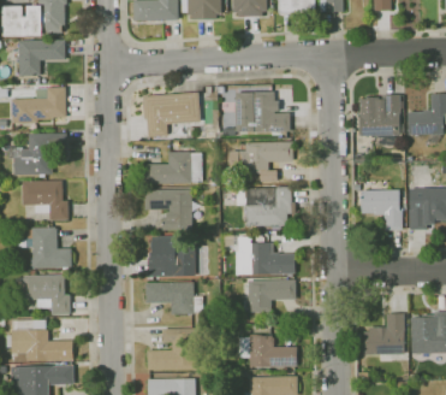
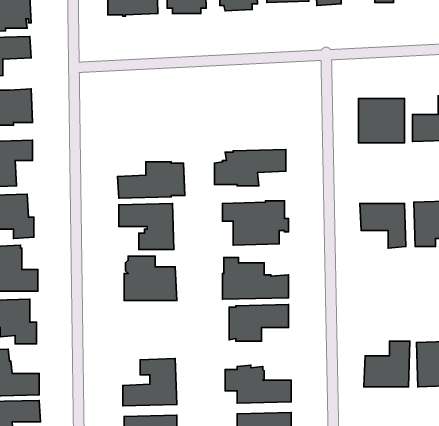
building: [141,92,200,137] -> none
building: [236,92,289,132] -> none
building: [145,282,202,314] -> none

